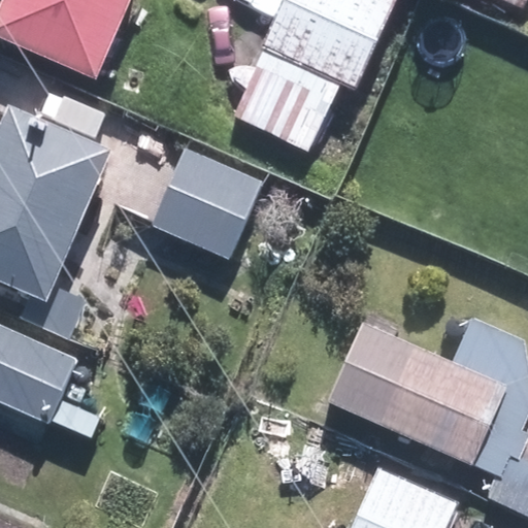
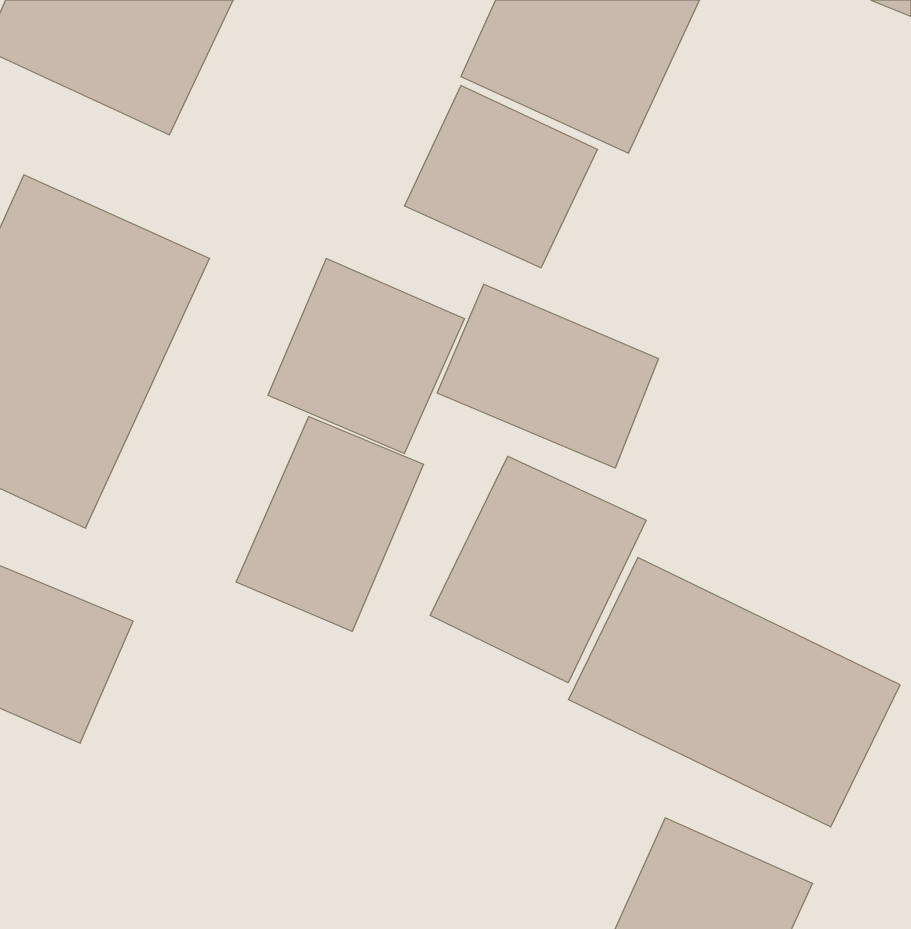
building: none -> [437,284,659,468]
building: none -> [236,417,424,631]
building: none -> [430,456,646,683]

